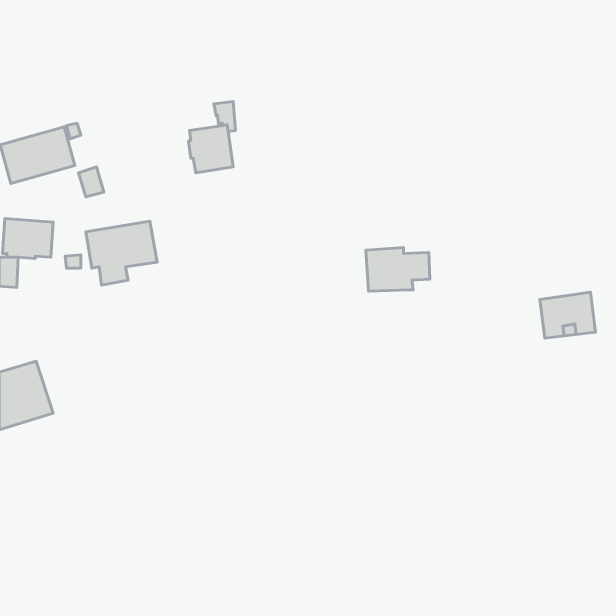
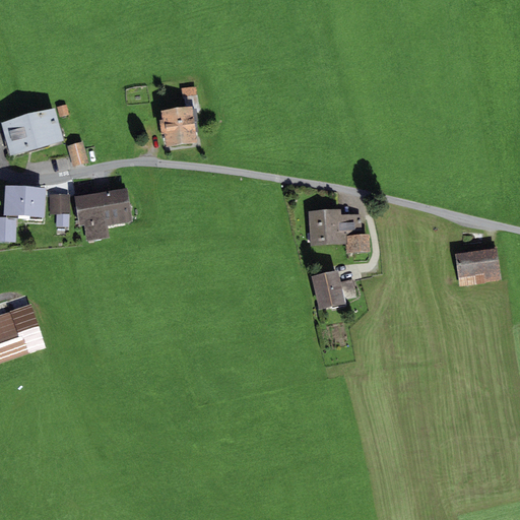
building: none -> [49,193,69,212]
building: none -> [344,234,370,253]
building: none -> [310,268,355,309]

